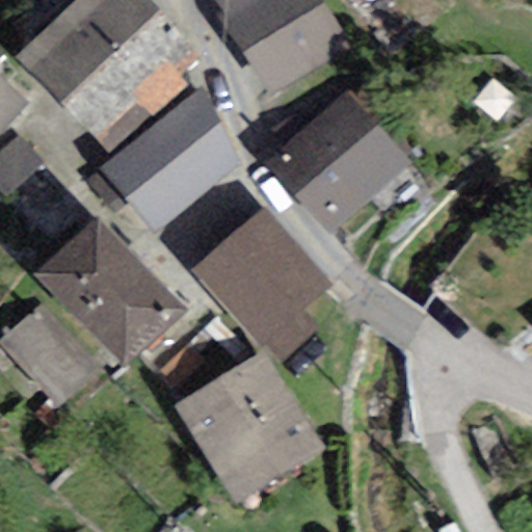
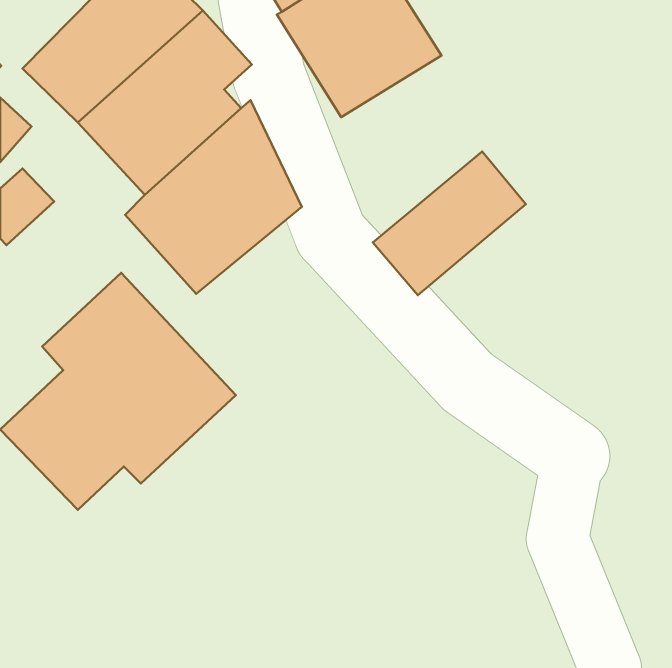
building: [267,86,381,191] -> none
building: [192,206,330,356] -> none
building: [161,371,300,509] -> none

